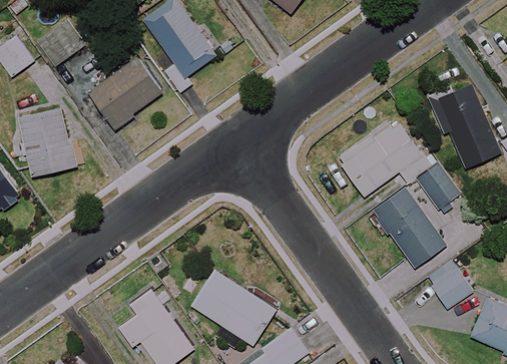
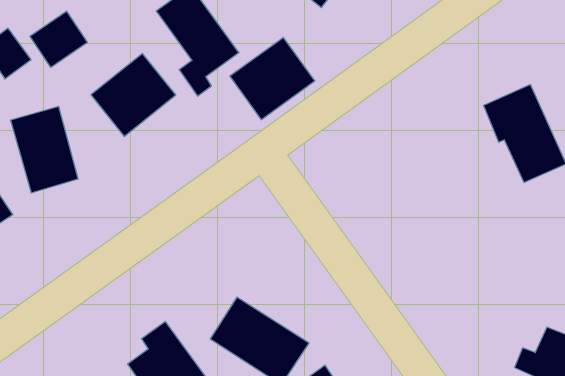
building: none -> [230,37,315,120]
building: [339,119,423,196] -> none
building: [368,161,459,268] -> none
building: [432,269,473,309] -> none

